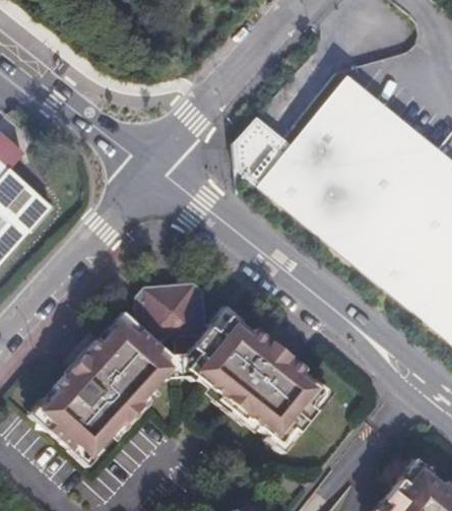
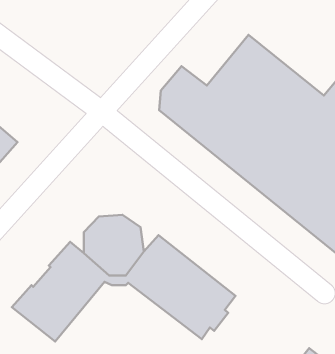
building: [37,406,100,459] -> none

